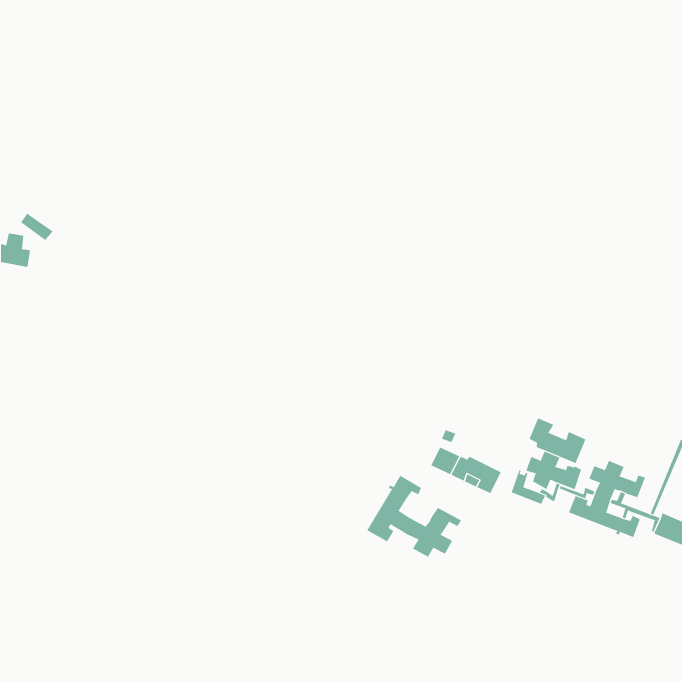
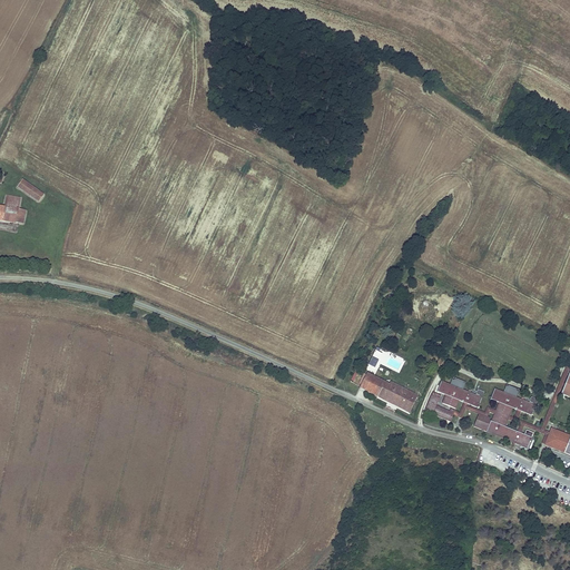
building: [529,417,586,464] -> none
building: [367,475,462,558] -> none

